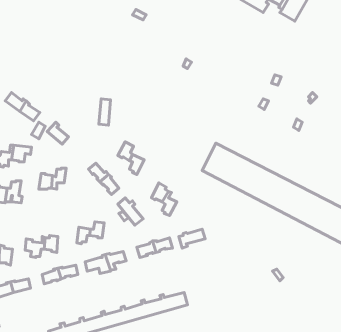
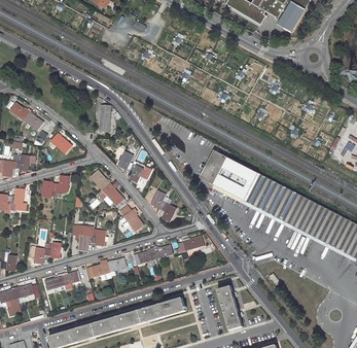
building: none -> [219,284,245,329]

